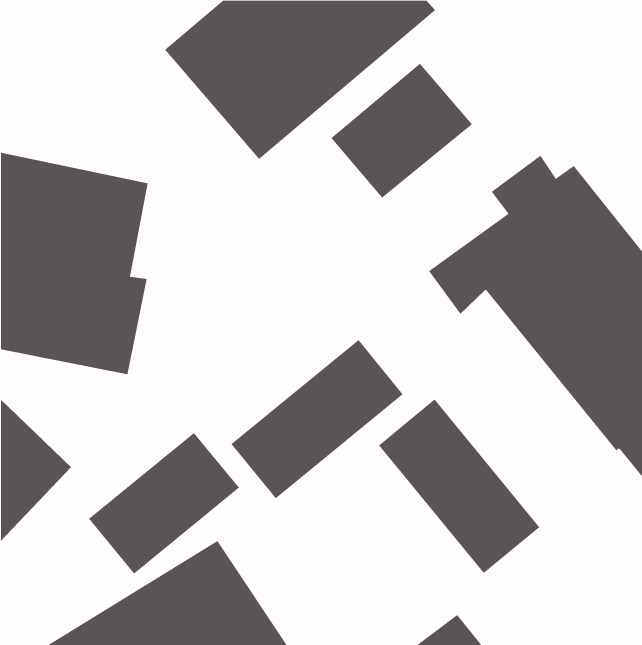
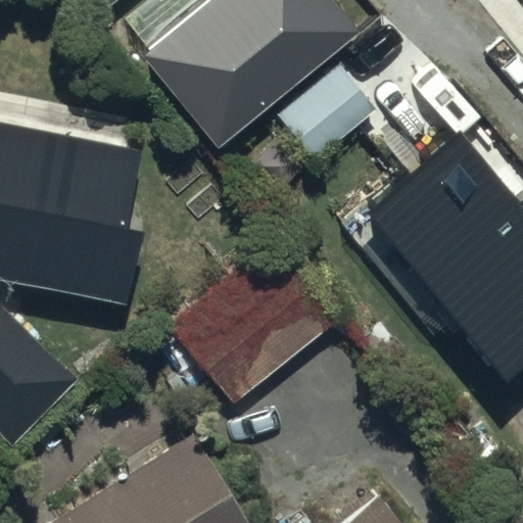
building: [378,399,540,574] -> none
building: [88,432,240,575] -> none

